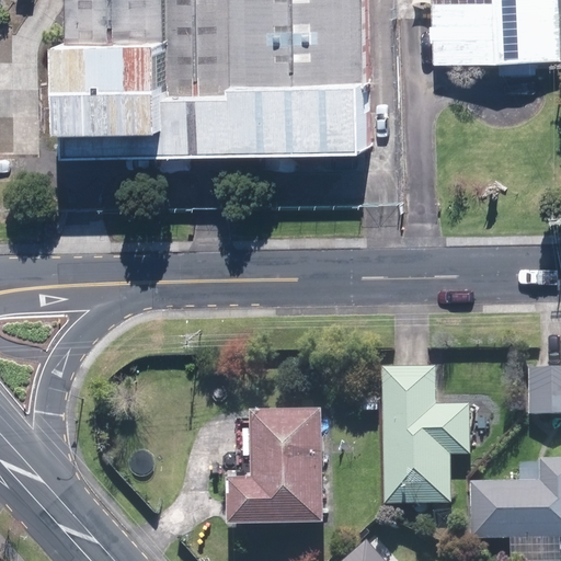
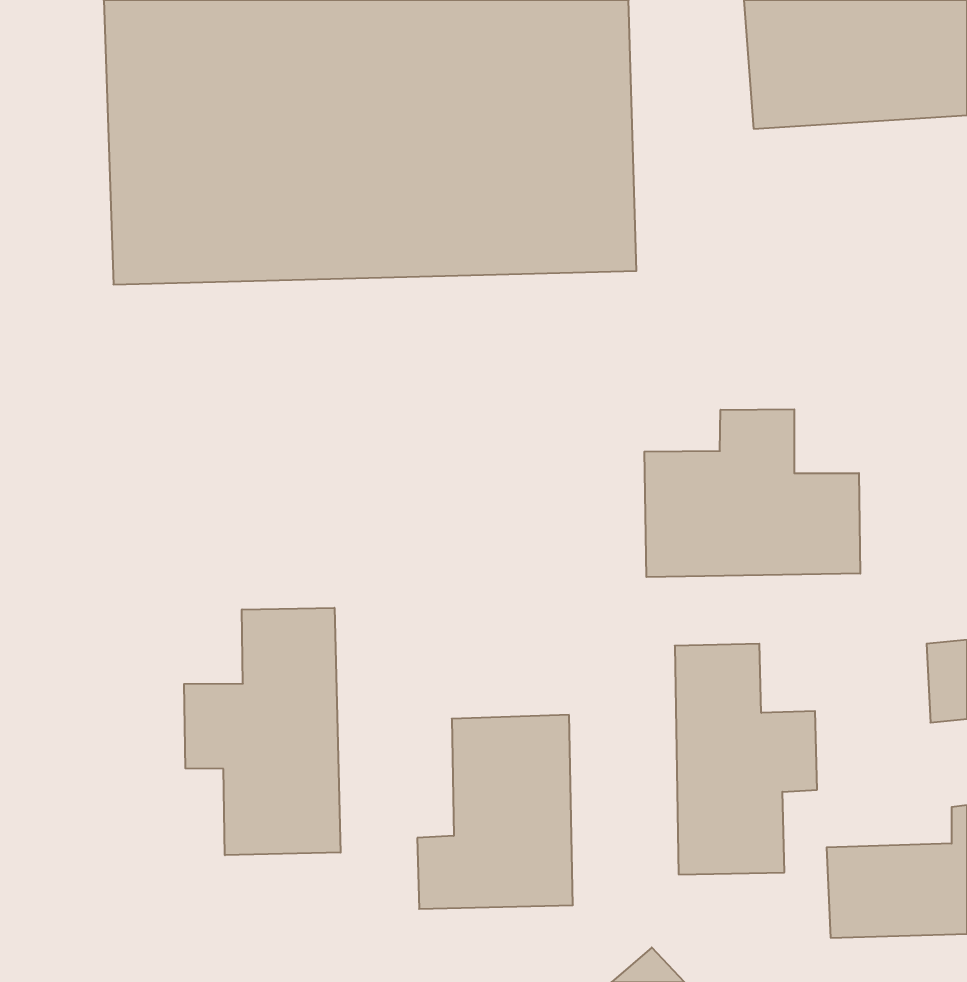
building: none -> [644,409,860,577]
building: none -> [184,608,341,855]

